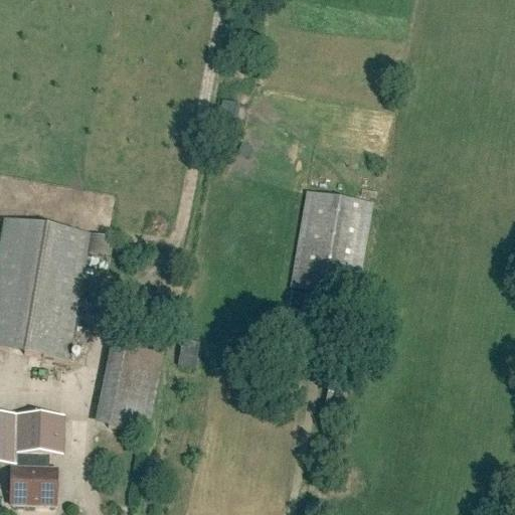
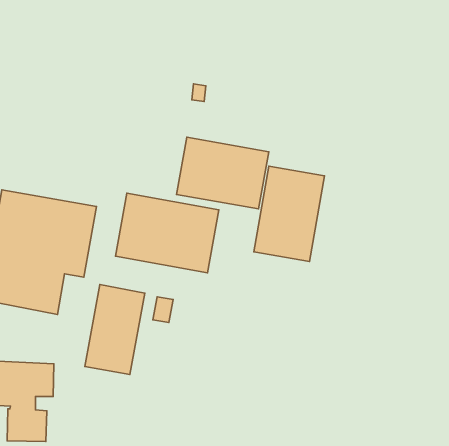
building: none -> [177,137,269,209]
building: none -> [115,193,219,273]

